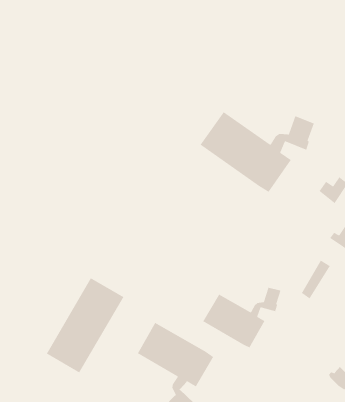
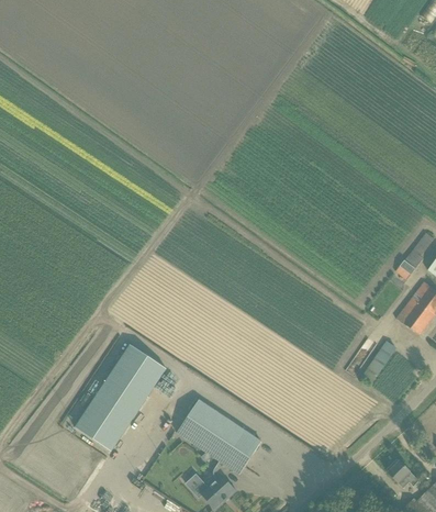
building: [199,111,315,193] -> none
building: [202,287,281,348] -> none

